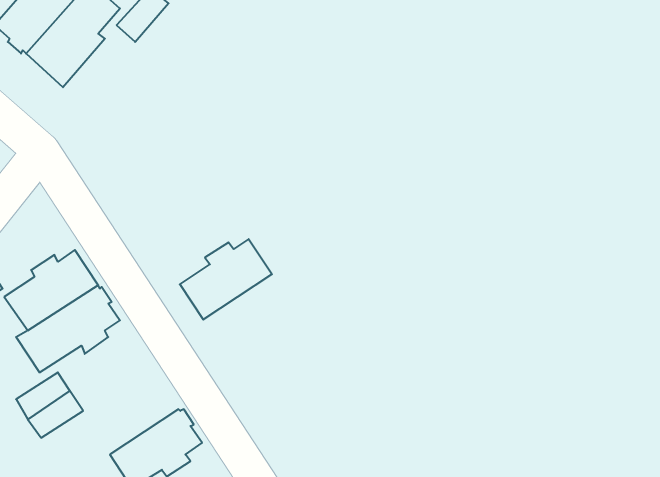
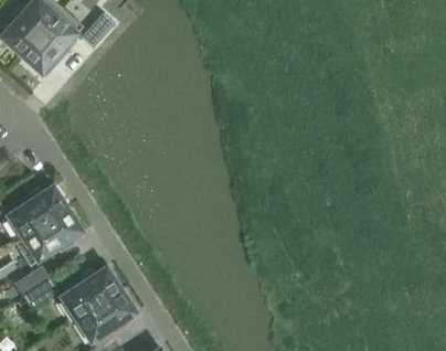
building: [180,239,272,320] -> [61,267,121,320]

